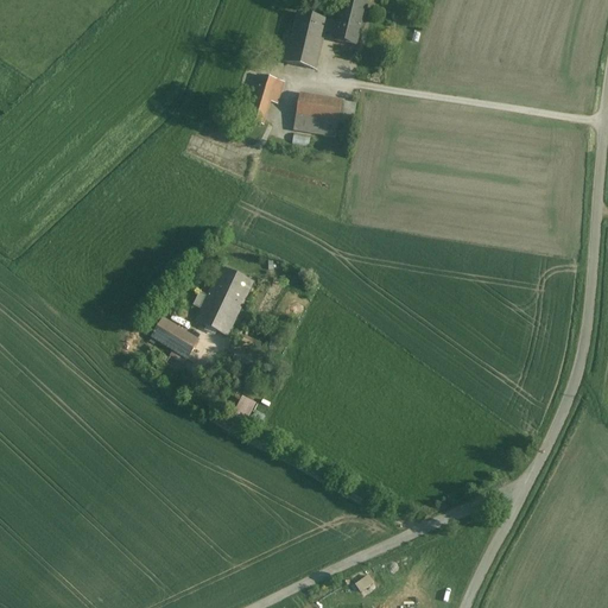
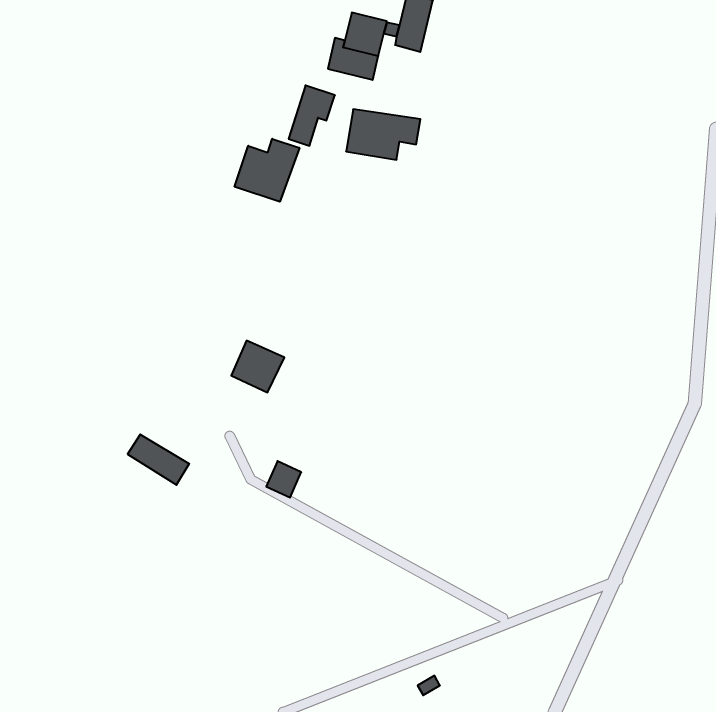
building: none -> [235,139,299,202]
building: [211,267,251,303] -> none
building: [153,318,205,361] -> [128,434,189,485]

